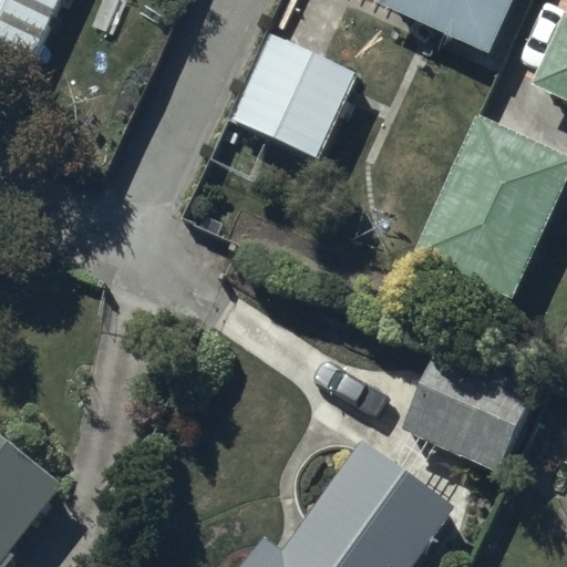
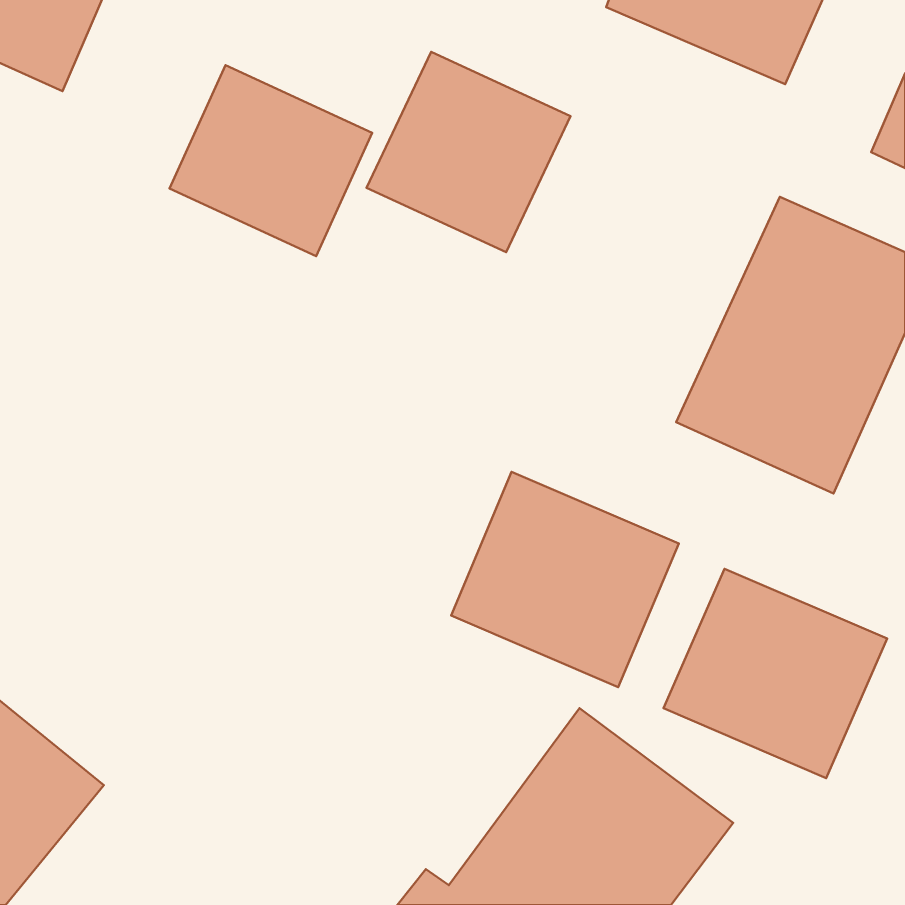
building: none -> [170,65,372,256]
building: none -> [451,472,679,687]

